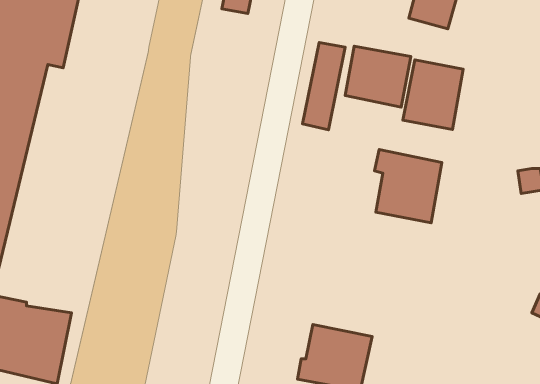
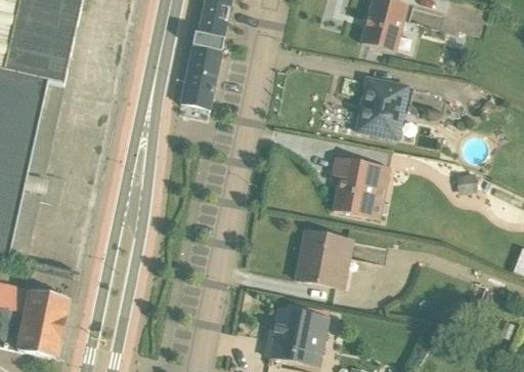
building: [302,42,345,130] -> [185,33,222,109]
building: [345,46,411,107] -> none
building: none -> [296,231,353,287]

